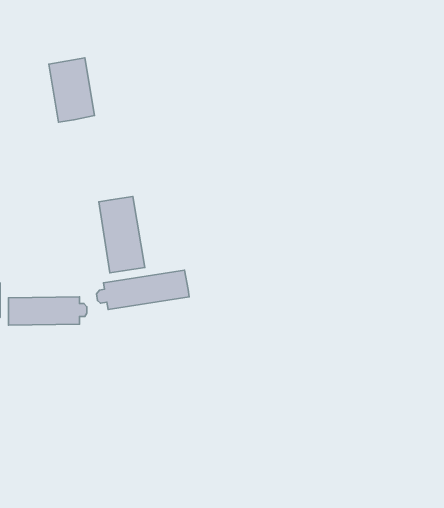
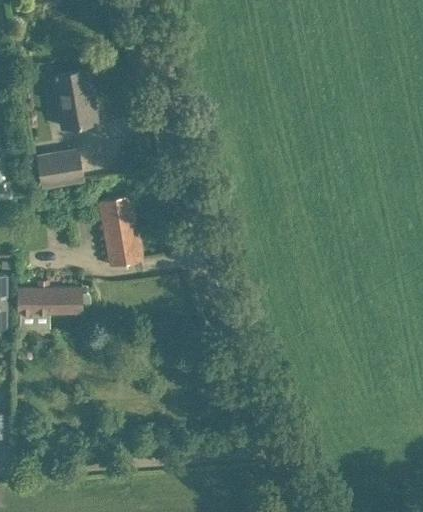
building: none -> [36,150,85,191]
building: [96,270,189,310] -> none

